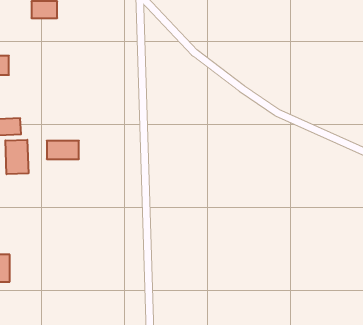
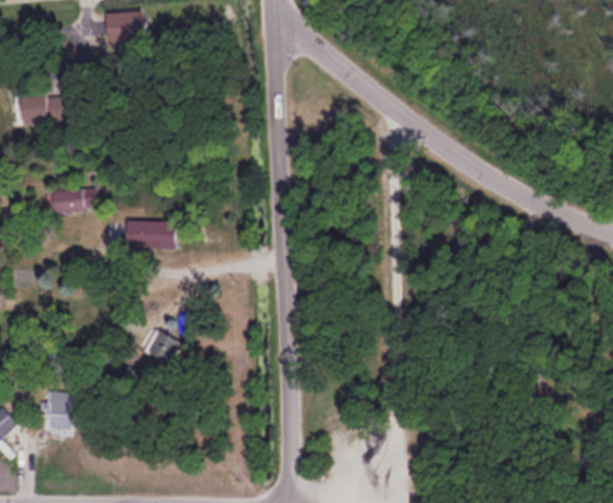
building: [5,140,28,174] -> none
building: none -> [154,334,180,362]

